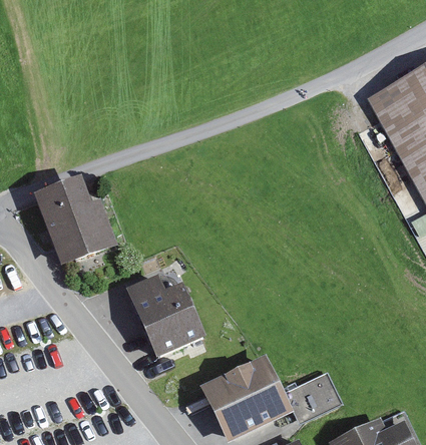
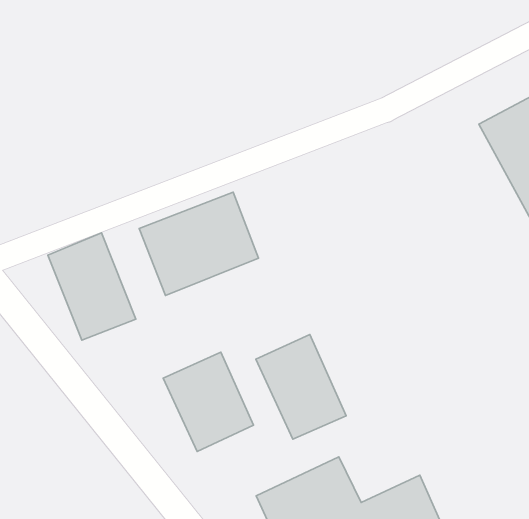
building: none -> [139,192,259,296]
building: none -> [256,335,346,439]

